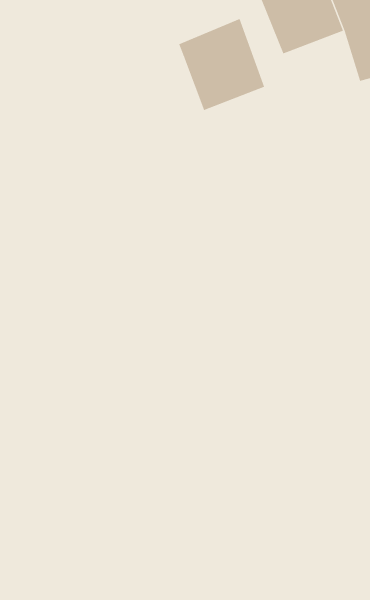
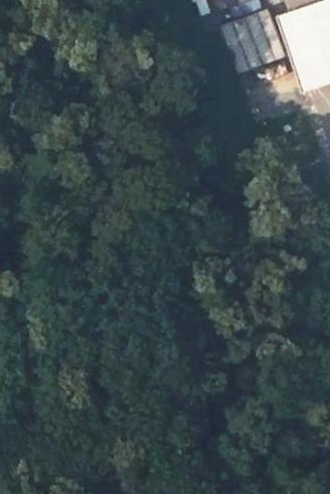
building: [179,18,265,111] -> none

